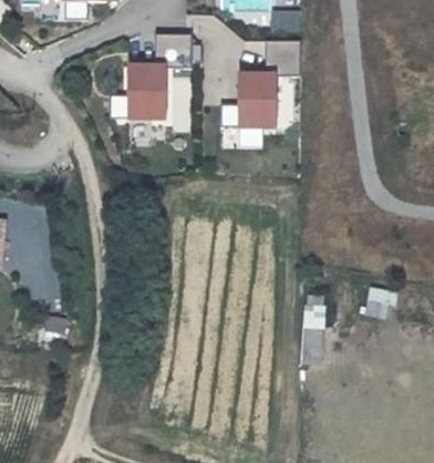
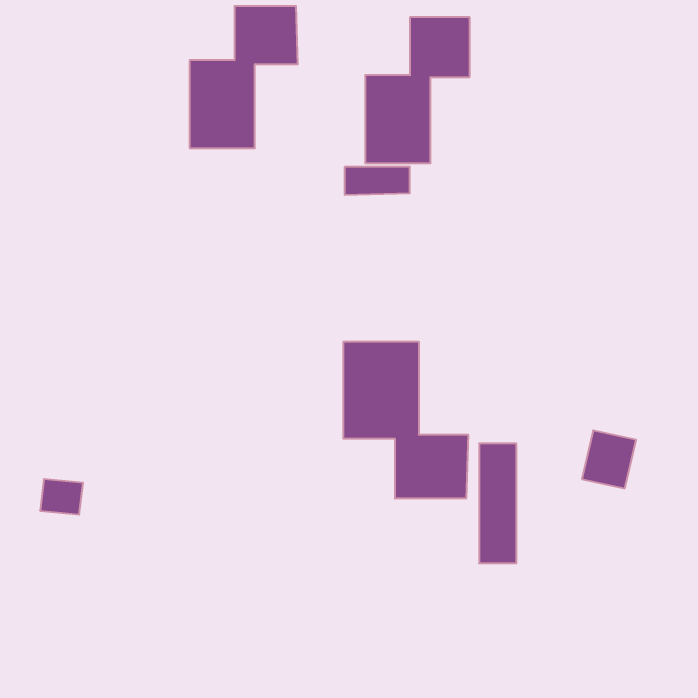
building: none -> [343,342,468,499]

